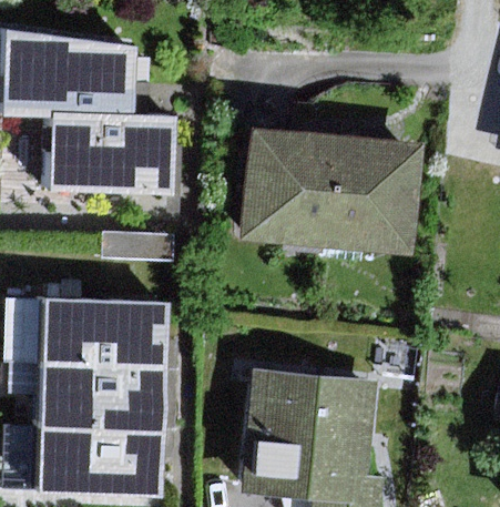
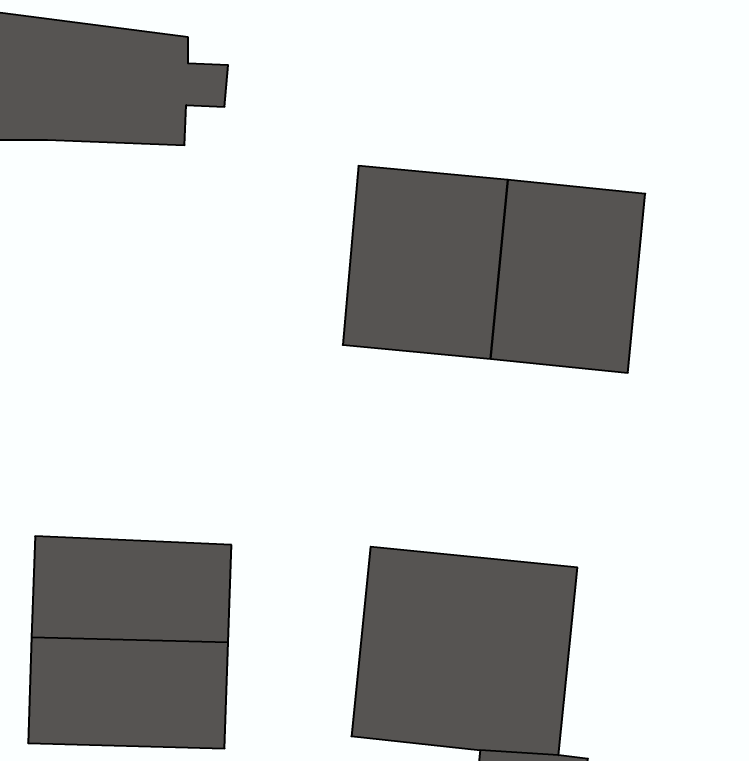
building: [42,109,175,192] -> none
building: [37,298,164,367] -> none

